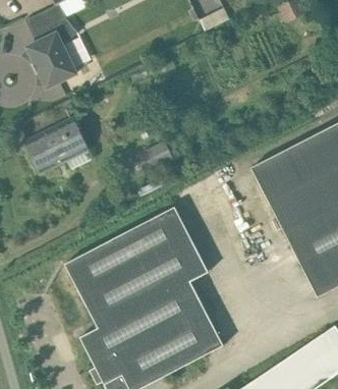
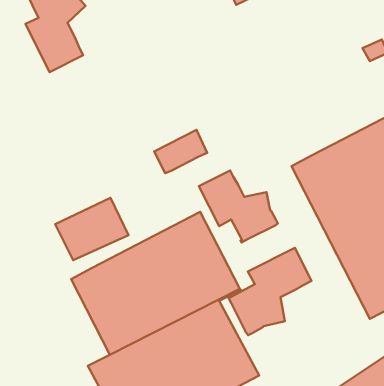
building: [24,119,87,172] -> [55,198,129,260]
building: none -> [199,170,278,242]
building: none -> [228,248,312,335]

